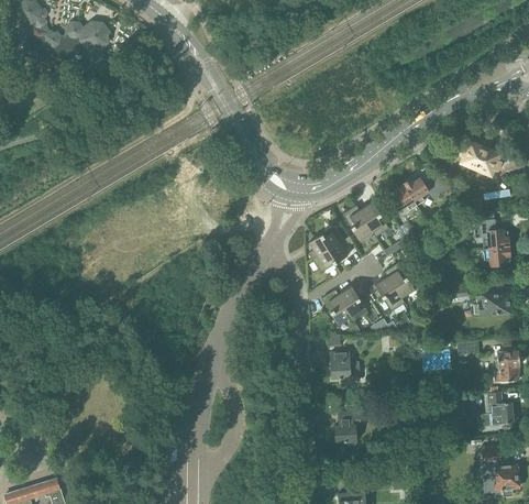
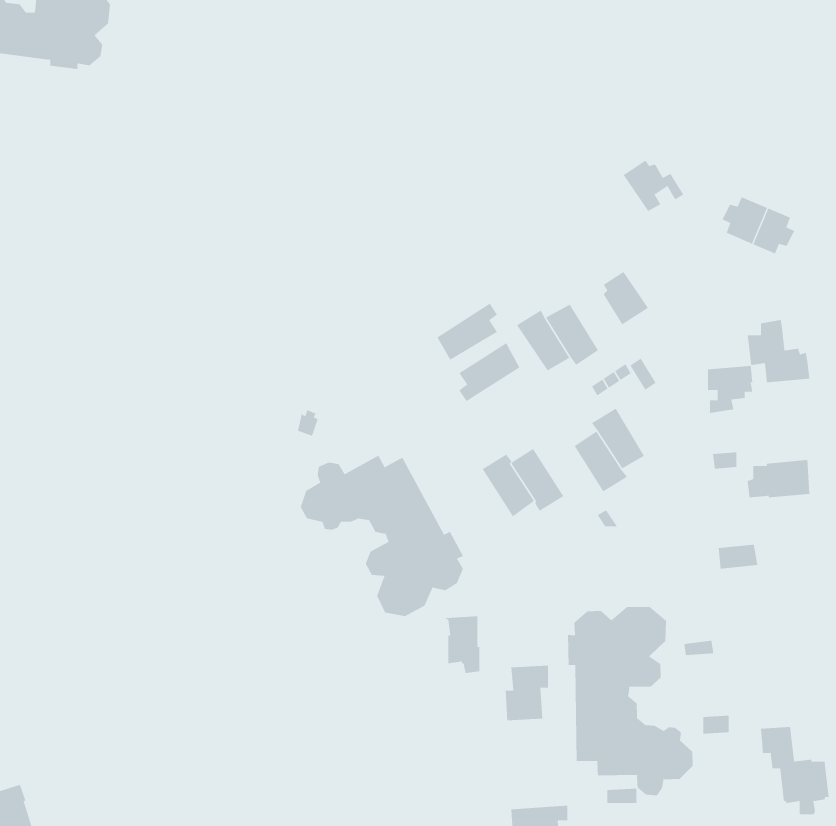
building: [404,175,439,205] -> [623,160,684,212]
building: [313,239,349,272] -> [436,303,498,361]
building: [485,245,511,273] -> [707,365,753,413]
building: none -> [300,455,464,617]
building: [495,344,520,382] -> none
building: [331,350,351,383] -> [446,616,480,673]
building: none -> [568,606,693,796]
building: [482,391,514,426] -> none

